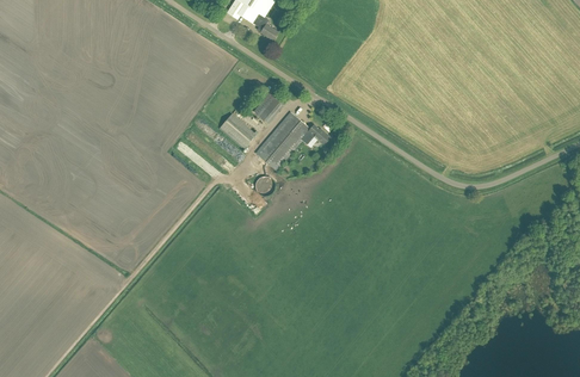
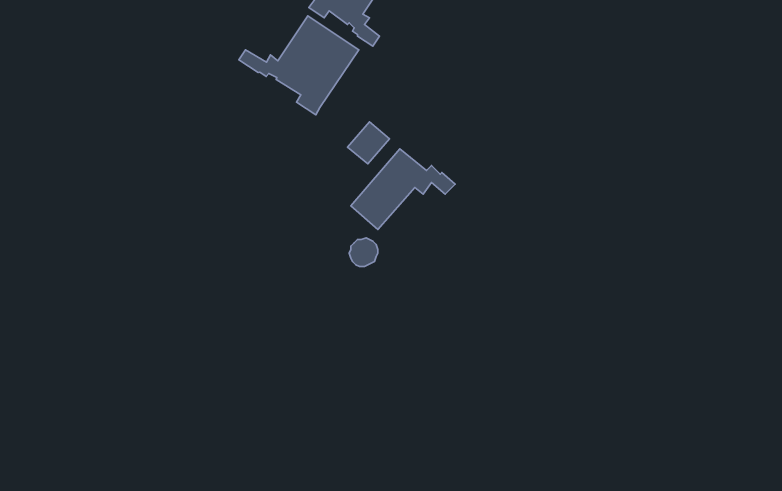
building: none -> [239,16,359,115]
building: [218,113,255,148] -> none

